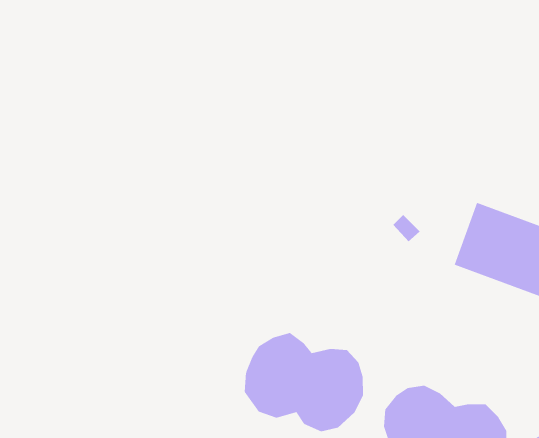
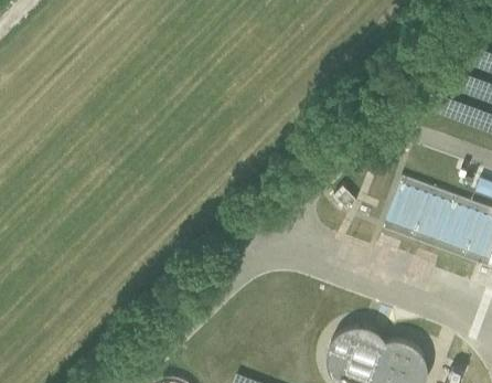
building: [244,332,364,432] -> none

